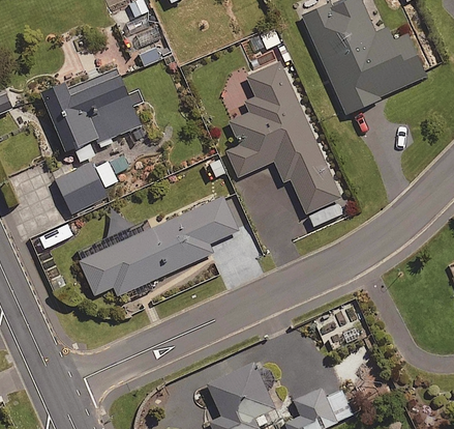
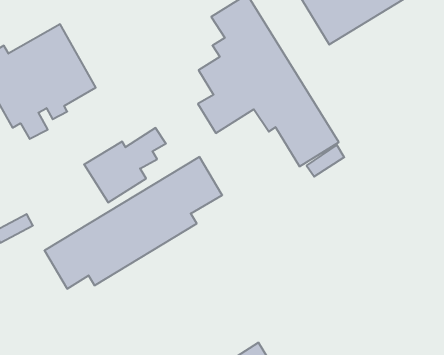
building: [55,154,127,213] -> [84,128,166,202]

